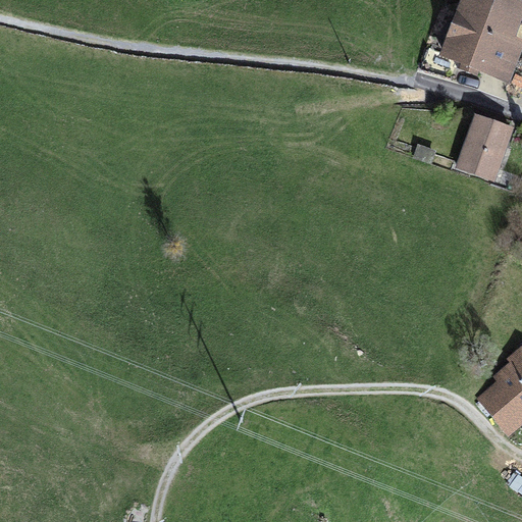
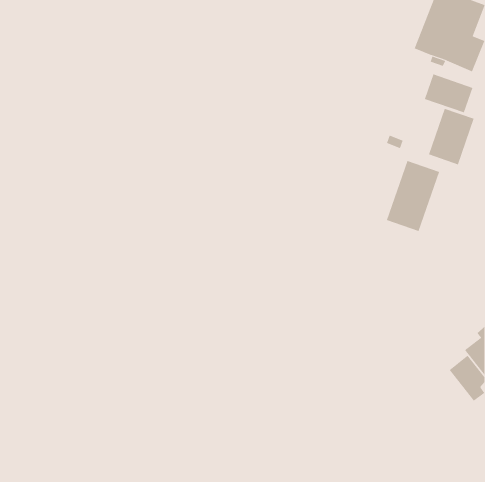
building: none -> [424,74,473,113]
building: none -> [386,160,440,232]

